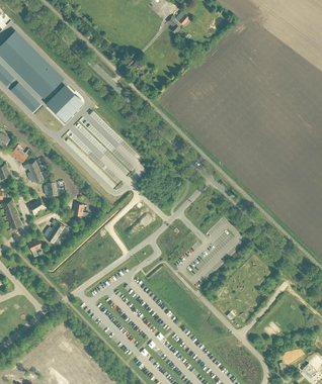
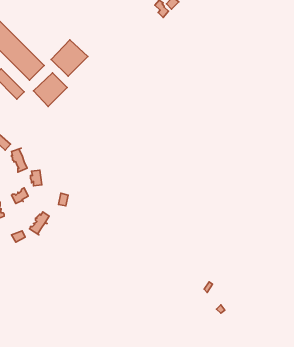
building: none -> [51,40,88,76]

